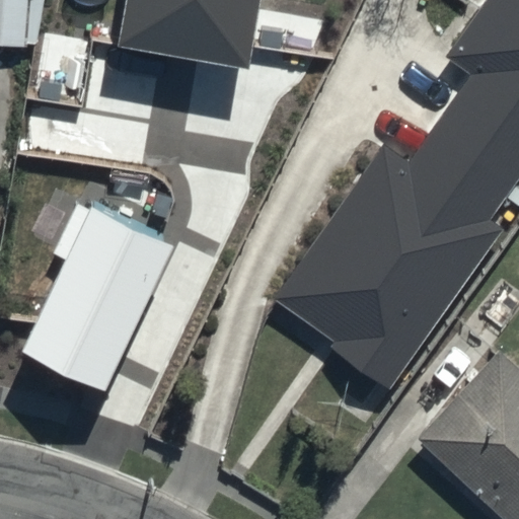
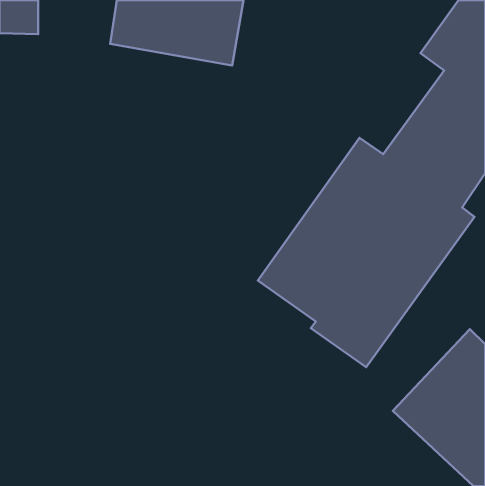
building: [22,205,175,390] -> none

